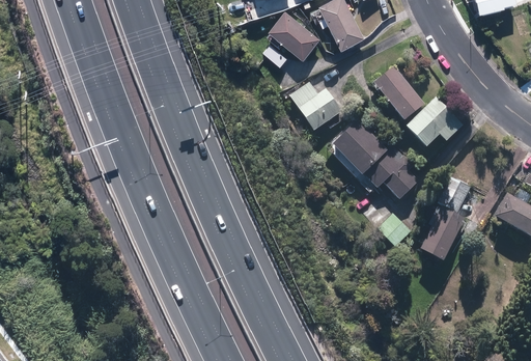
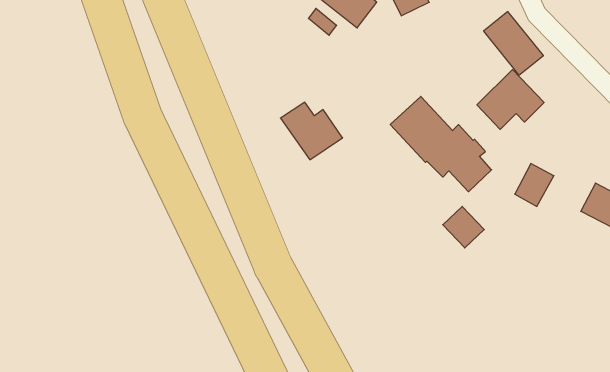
building: [373,66,424,120] -> [484,12,543,75]
building: [289,83,342,132] -> [280,102,343,160]
building: [420,204,465,260] -> none

